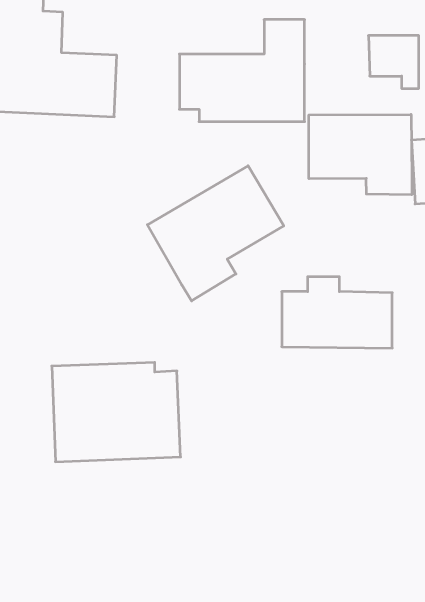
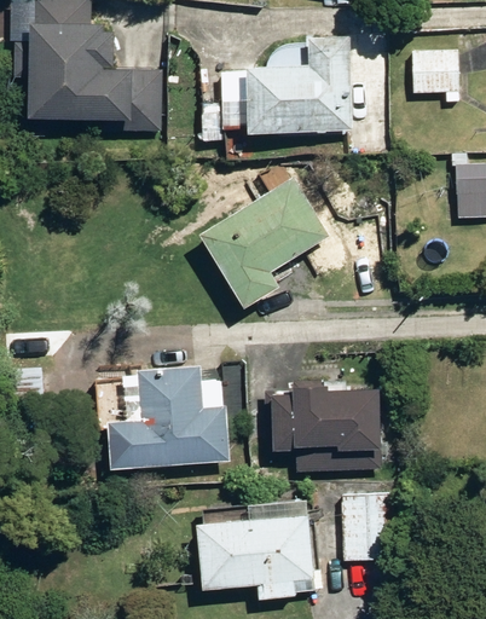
building: [309,114,412,195] -> none
building: [282,277,392,348] -> [268,378,377,449]
building: none -> [196,490,393,600]

